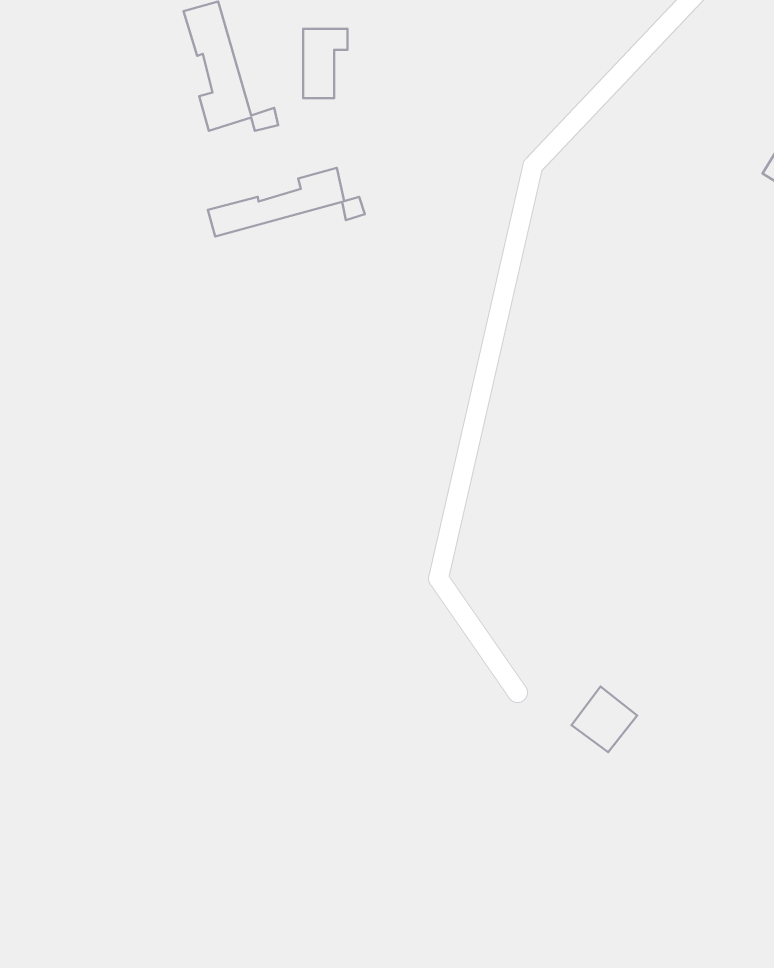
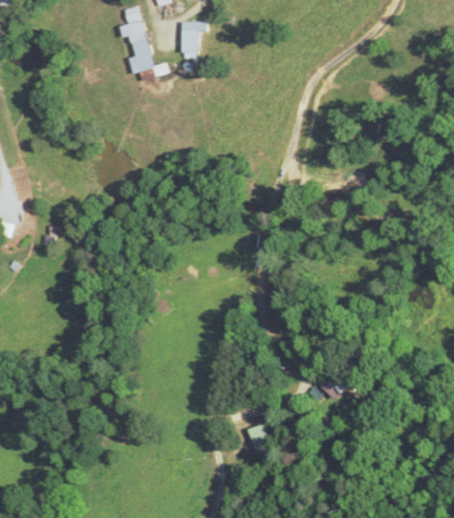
building: [208,168,365,236] -> none
building: none -> [250,423,274,452]

